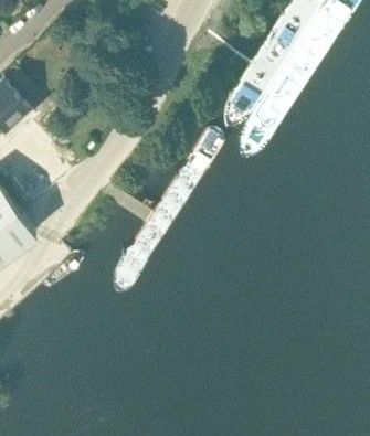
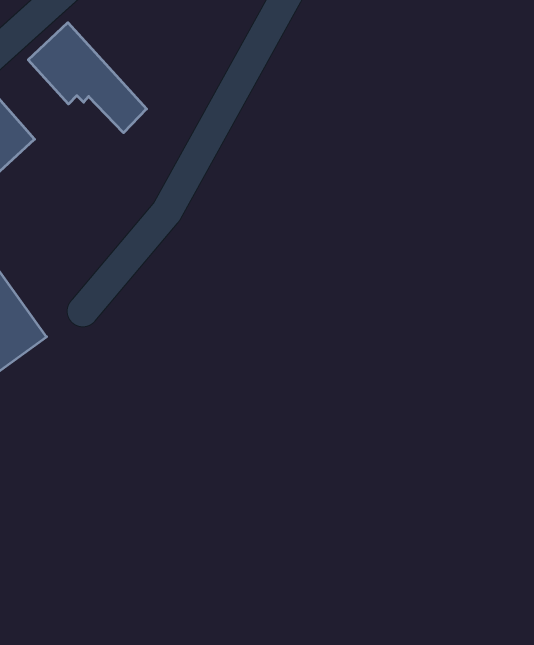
building: none -> [28,23,147,133]

